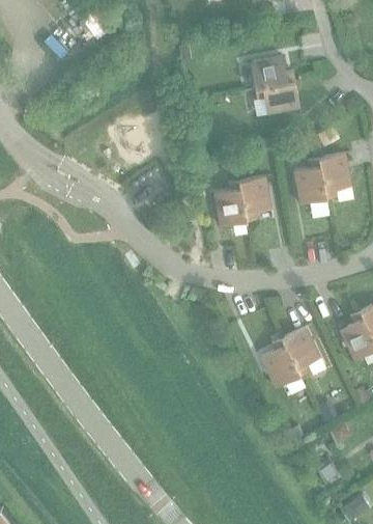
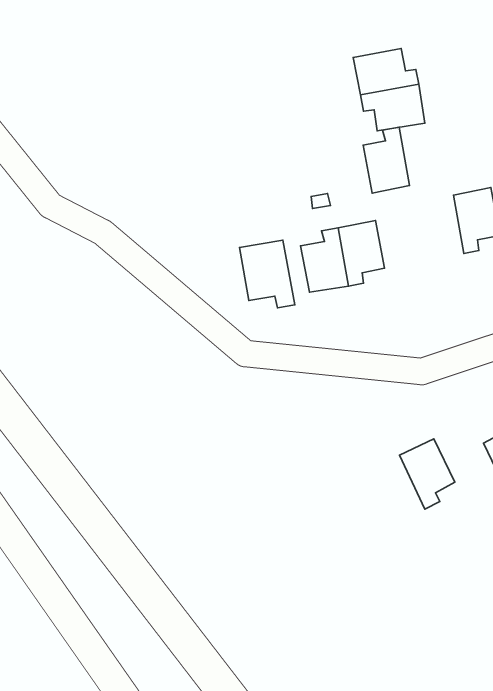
building: [294,159,326,204] -> [363,127,410,193]
building: none -> [239,240,295,308]
building: [261,339,299,388] -> none

